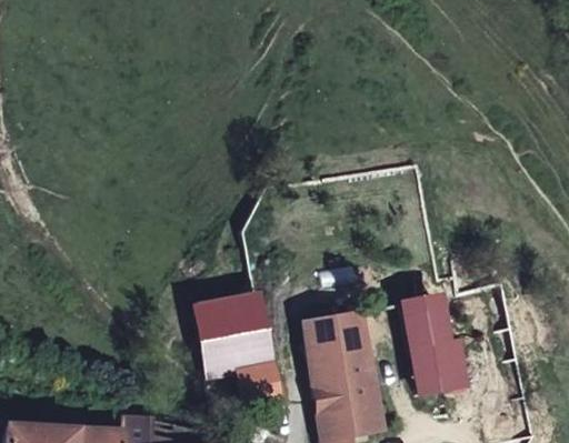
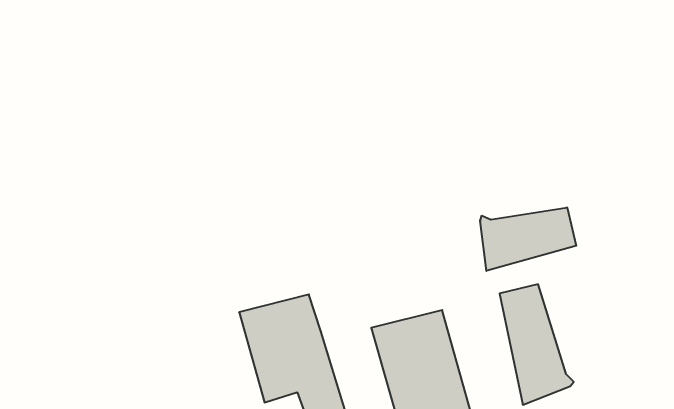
building: none -> [480,207,576,271]

